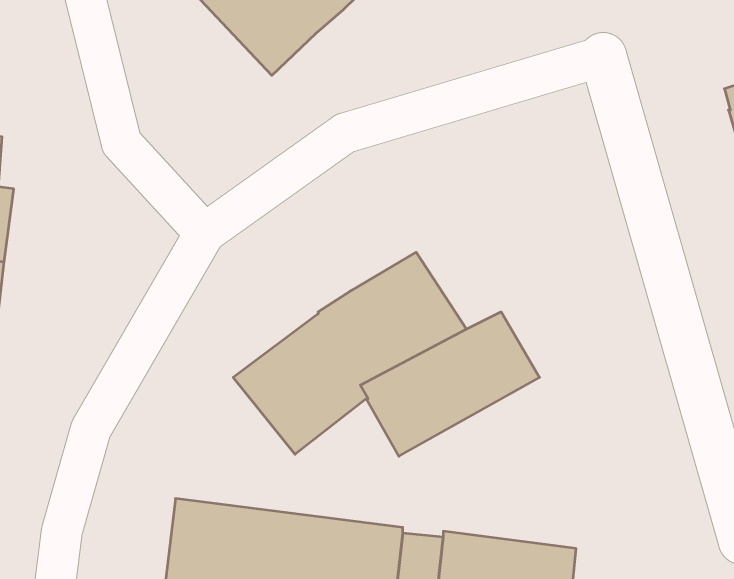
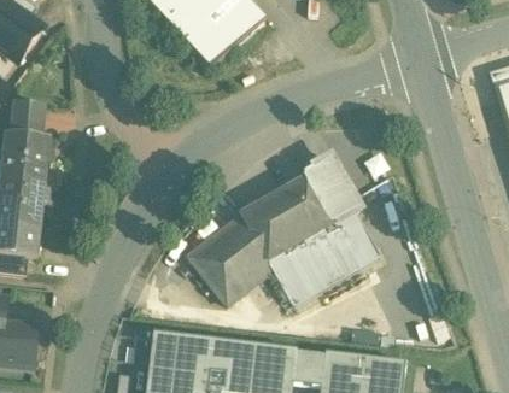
building: none -> [300,151,365,224]

